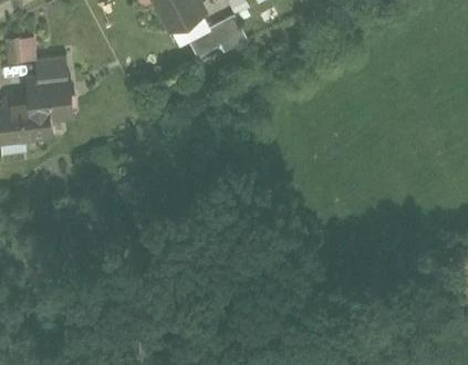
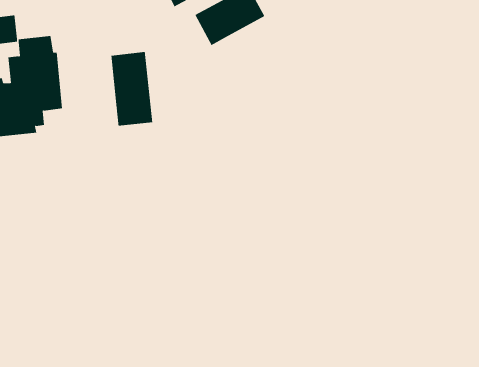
building: none -> [111,51,153,127]

